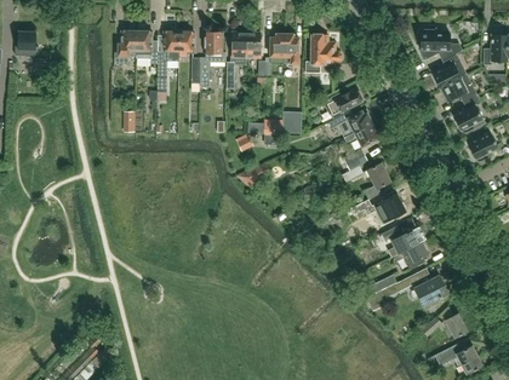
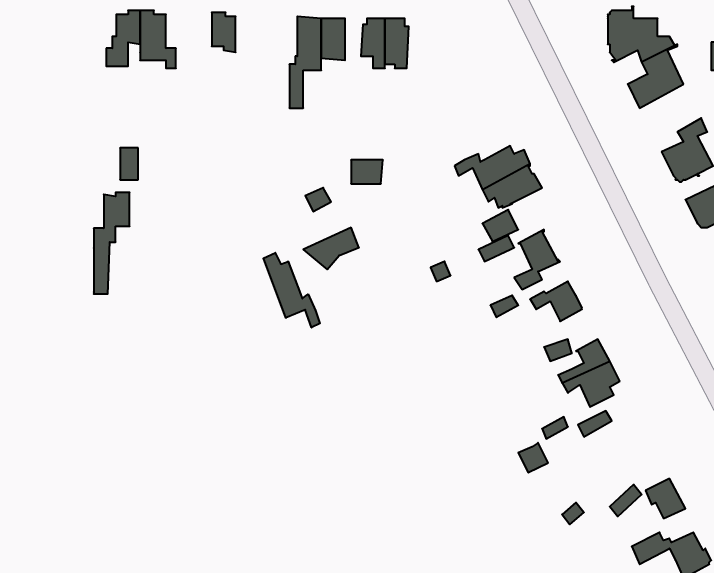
building: [158,30,179,92] -> [94,192,130,294]
building: [200,31,225,86] -> none
building: [305,35,341,73] -> none
building: [440,74,477,103] -> none
building: [324,88,362,120] -> none
building: none -> [263,253,320,328]
building: [414,276,448,310] -> none

